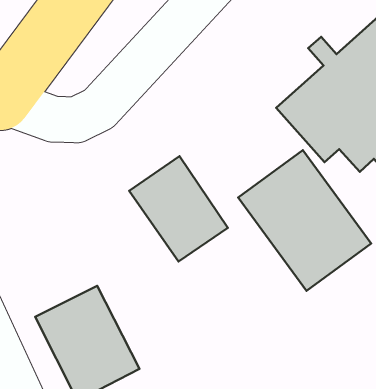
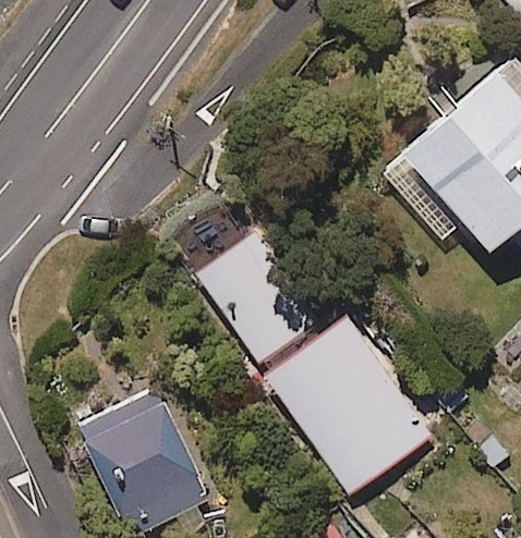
building: [238,150,371,291] -> [264,316,432,493]

